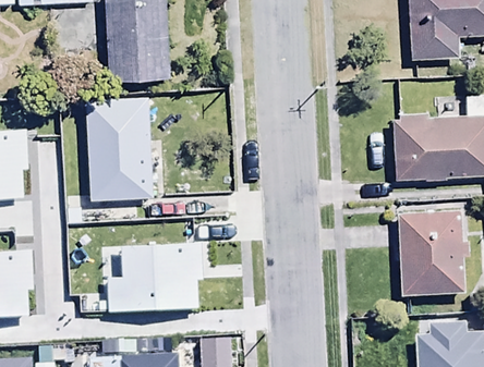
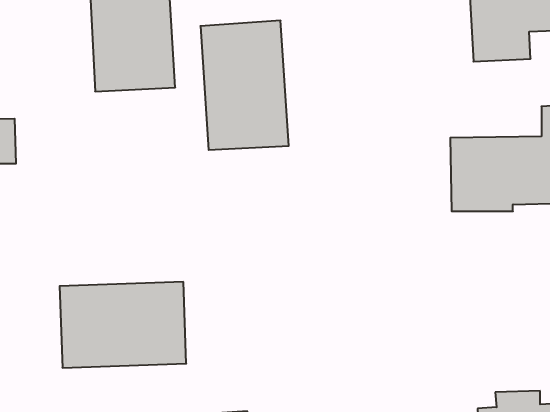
building: [84,96,155,199] -> [200,21,289,150]
building: [399,209,464,296] -> none

